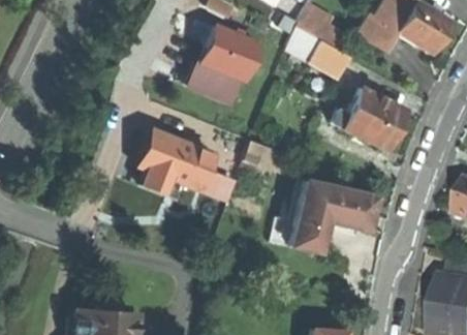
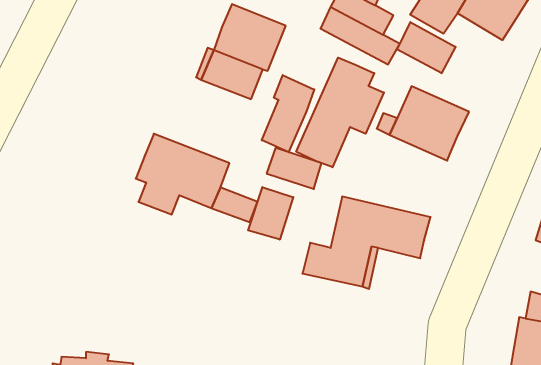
building: none -> [397,22,456,73]
building: none -> [296,58,384,167]
building: none -> [262,75,314,152]
building: none -> [248,187,293,240]

